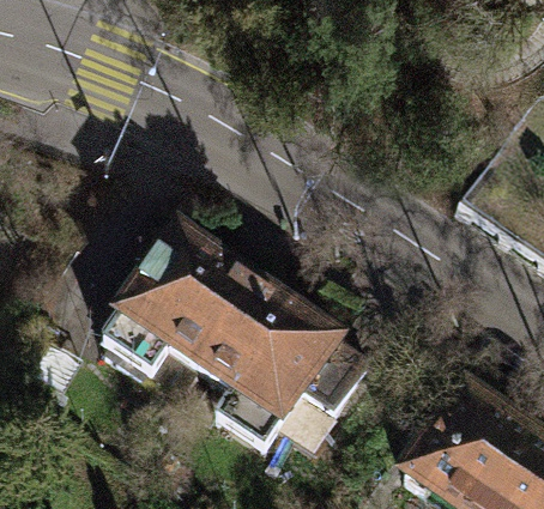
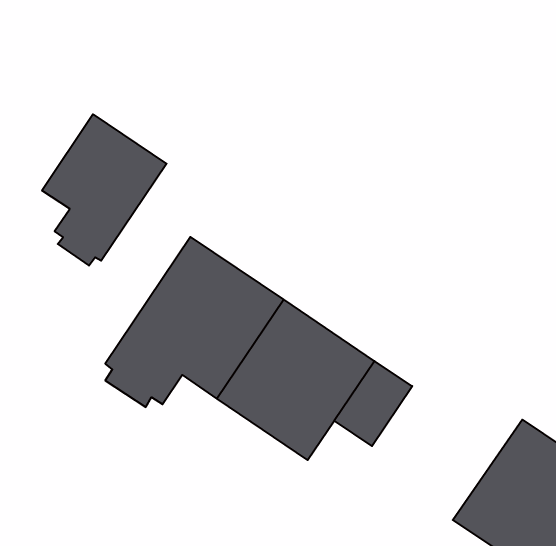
building: none -> [42,114,167,266]

